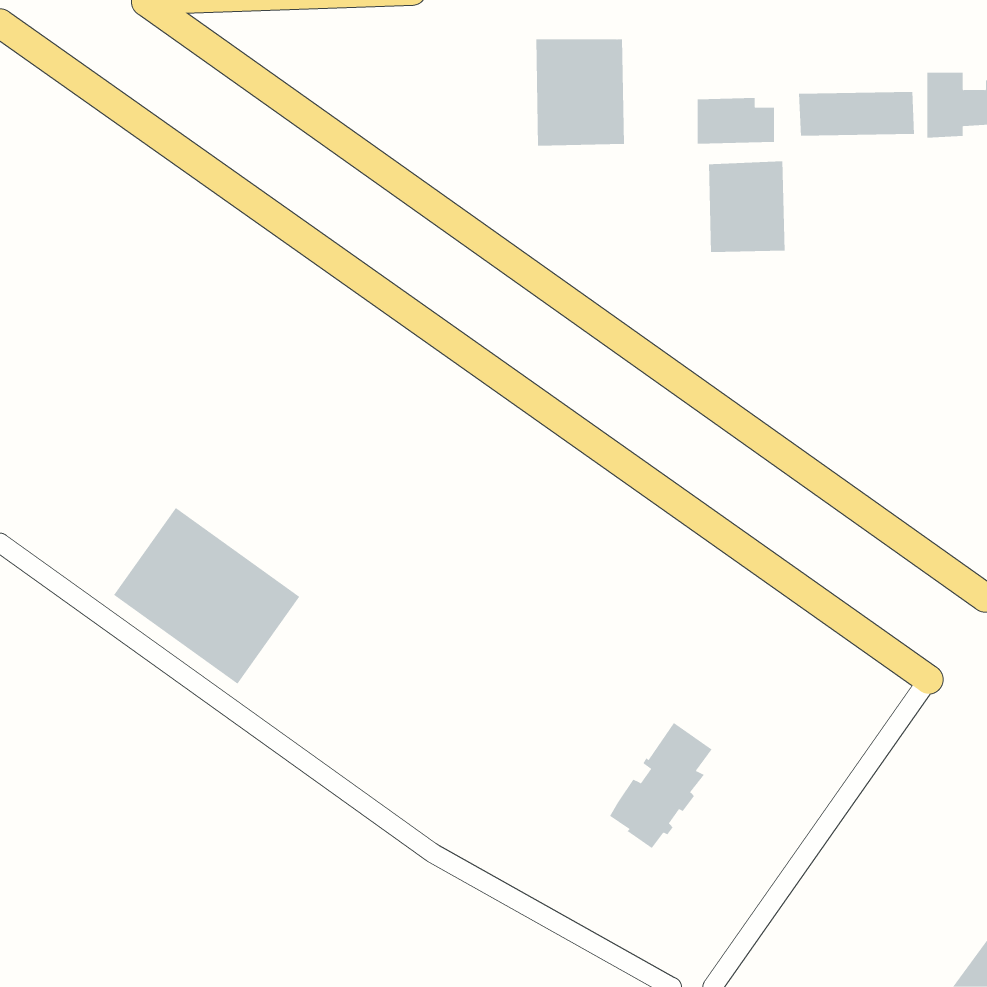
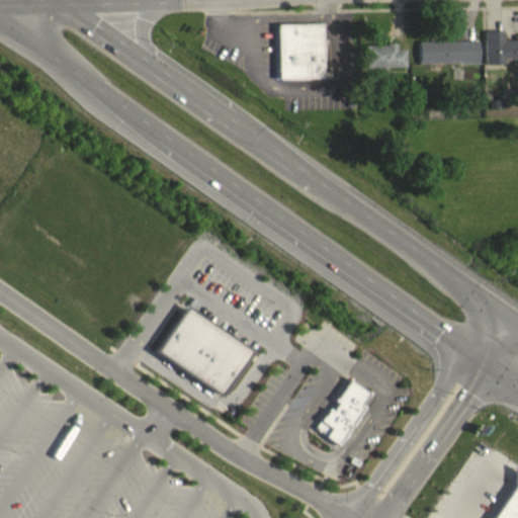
building: [708,160,785,253] -> none
building: [113,507,300,684] -> [159,301,256,394]

